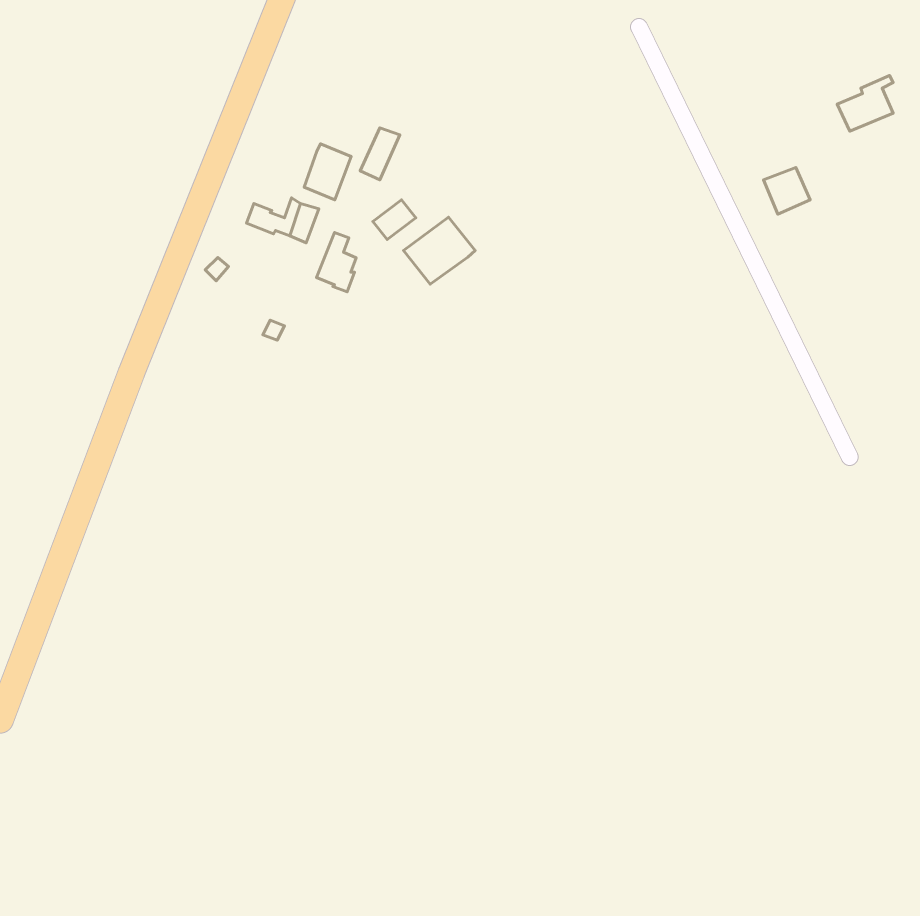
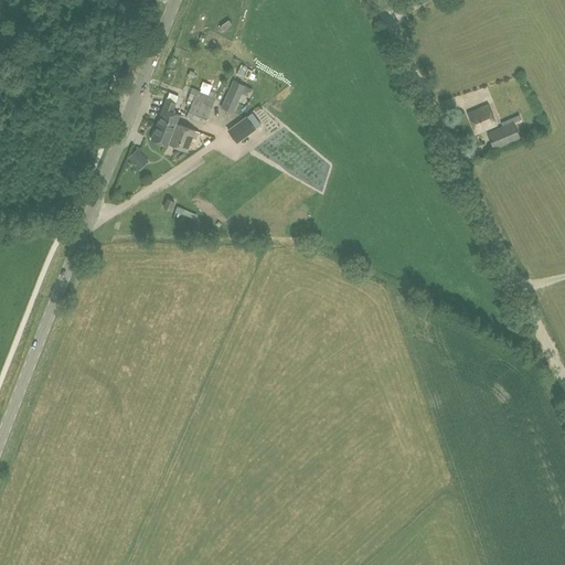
building: [837,75,893,131] -> [487,113,521,147]
building: [404,217,475,284] -> none
building: [317,232,356,292] -> [156,97,180,134]

